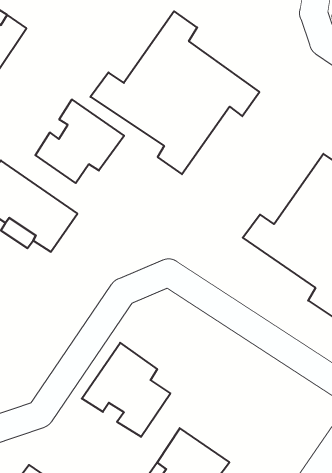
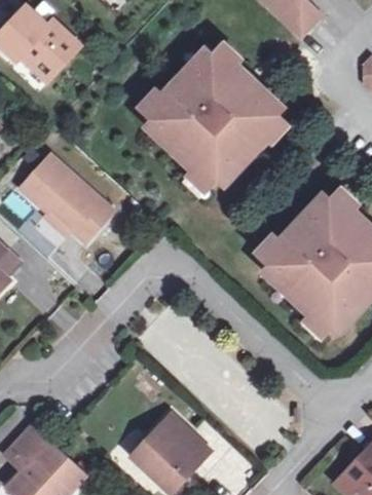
building: [35,99,124,183] -> none
building: [82,343,170,437] -> none

